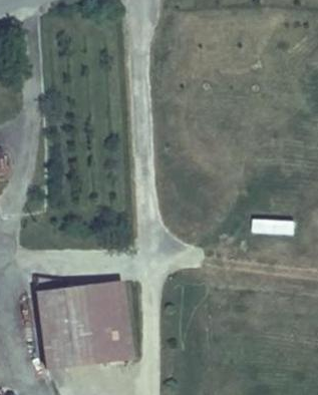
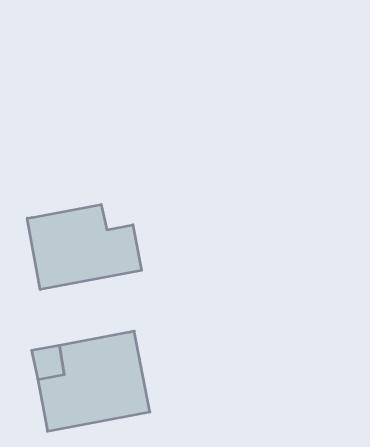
building: none -> [27,204,142,290]

